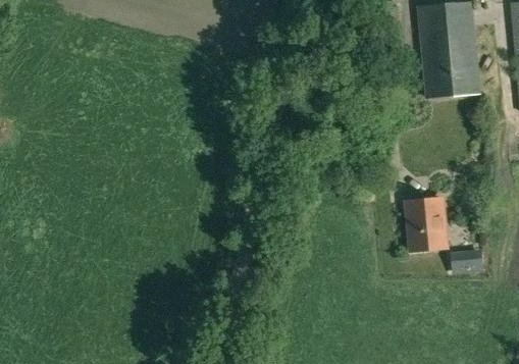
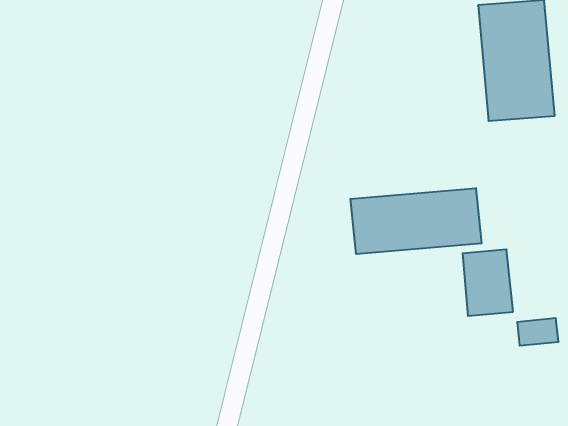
building: none -> [351,188,482,254]

